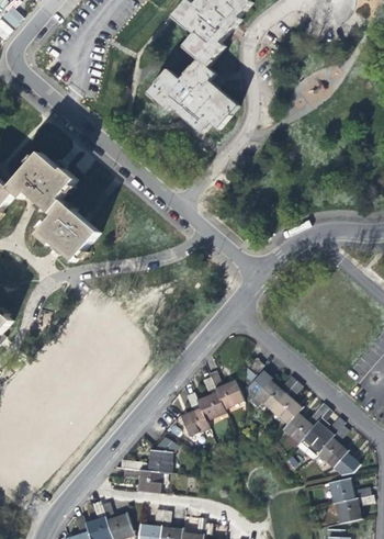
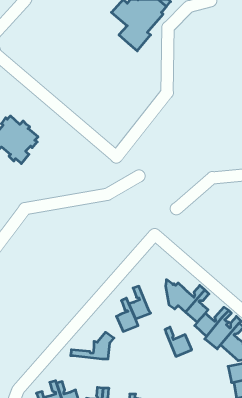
building: [149,59,239,134] -> none
building: [39,203,101,261] -> none
building: [210,370,245,408] -> [165,327,192,356]
building: [123,468,162,493] -> none

